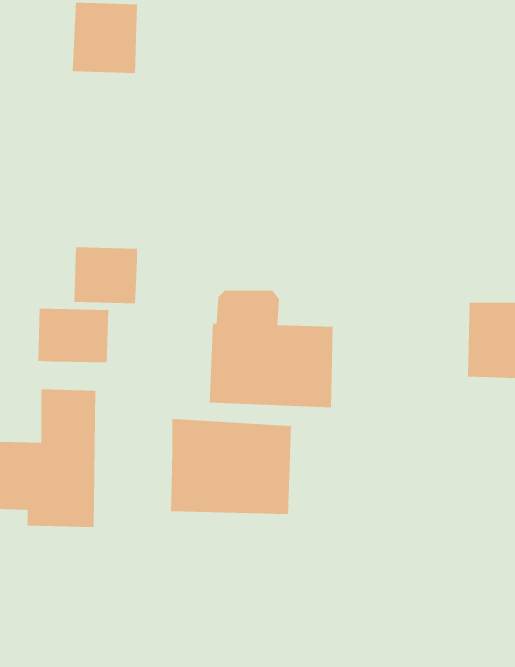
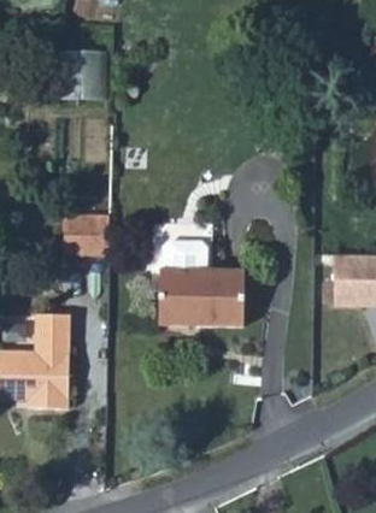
building: [38,308,109,363] -> none
building: [170,418,292,515] -> none

